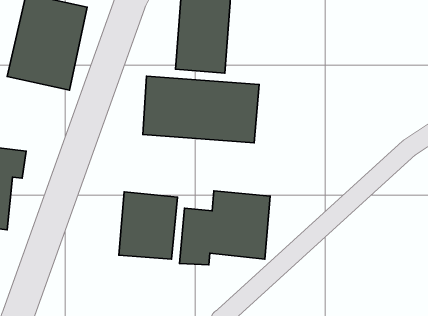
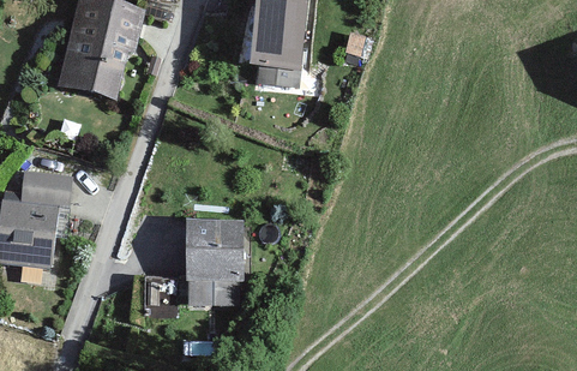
building: [143,76,259,143] -> none
building: [180,191,270,265] -> none

